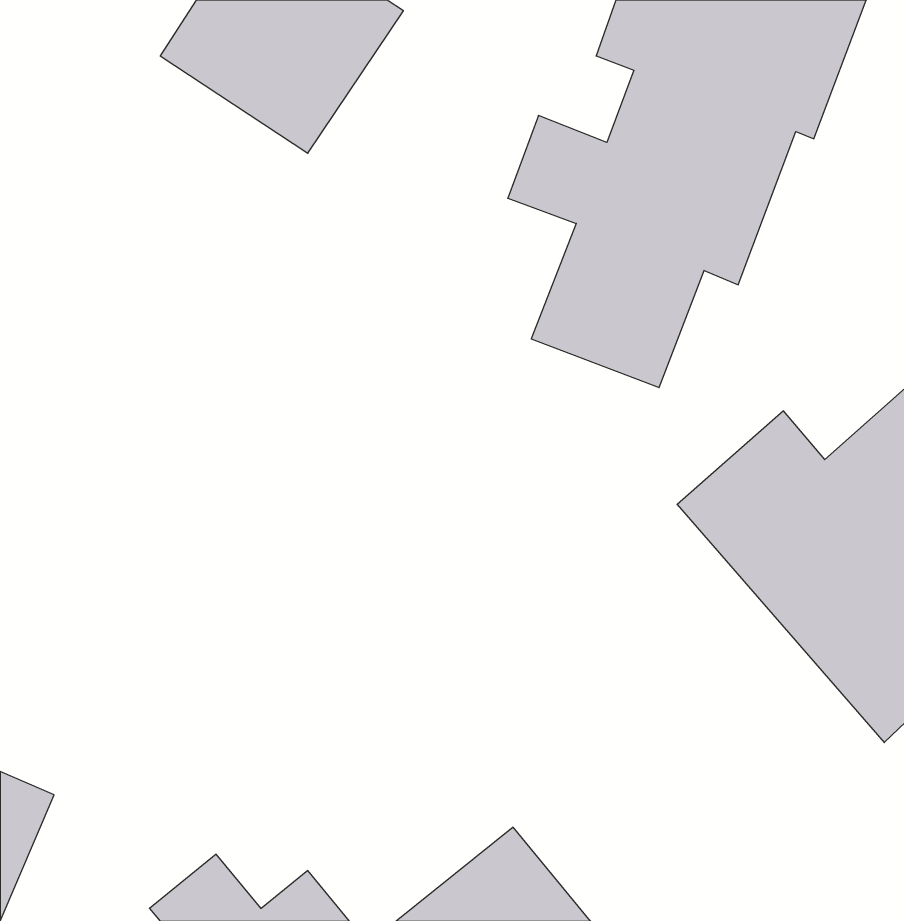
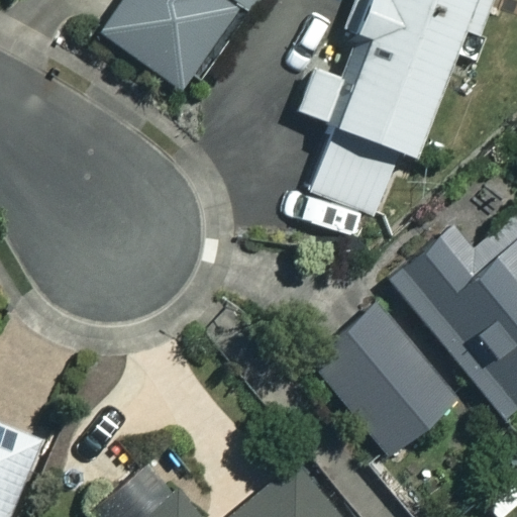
building: none -> [308,294,459,450]

